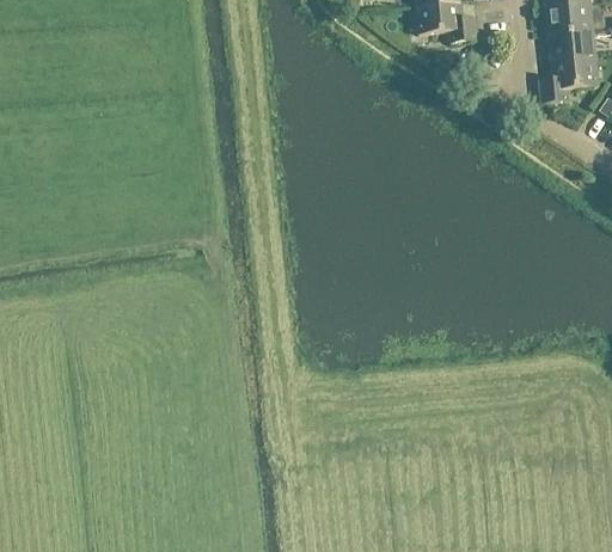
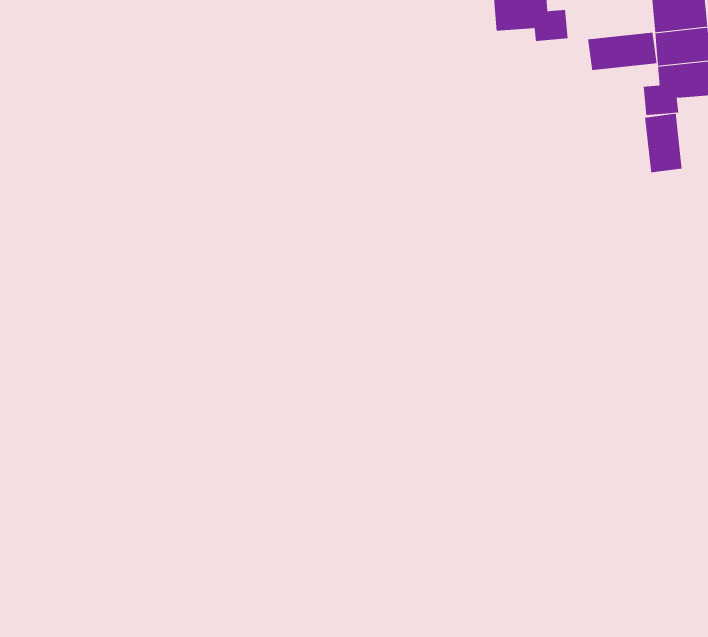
building: none -> [587,32,657,71]
building: none -> [645,113,682,173]

